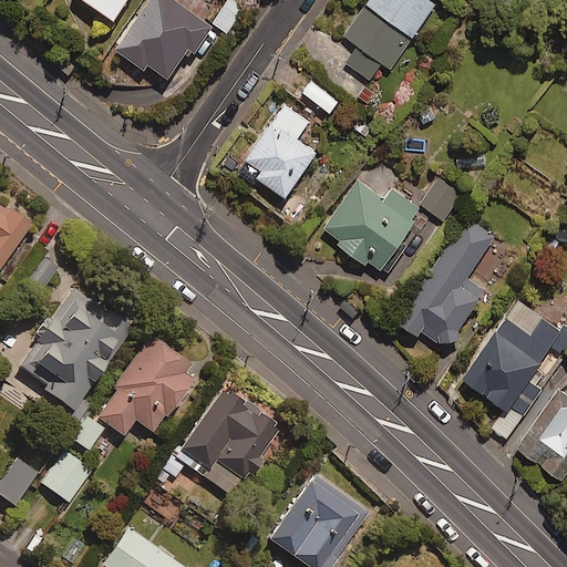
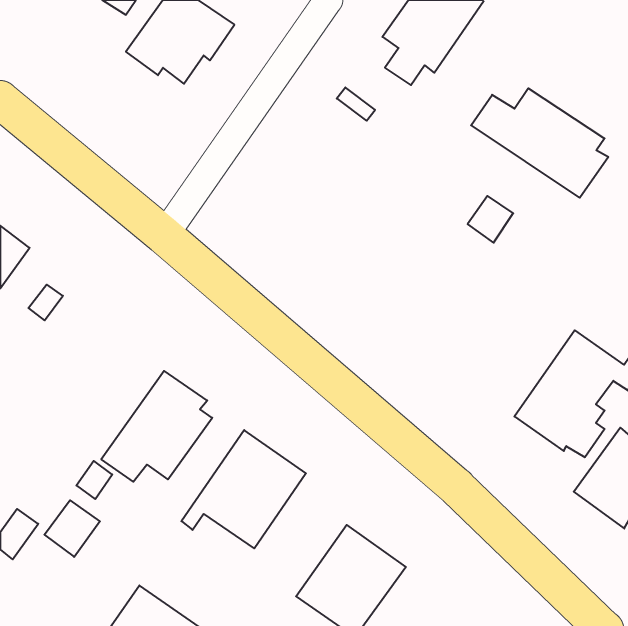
building: none -> [471,88,608,198]
building: [247,105,317,196] -> none
building: [323,181,423,271] -> none
building: [399,218,495,347] -> none
building: [19,279,131,410] -> none

